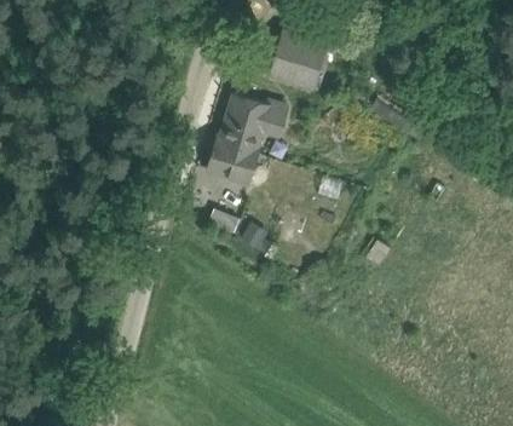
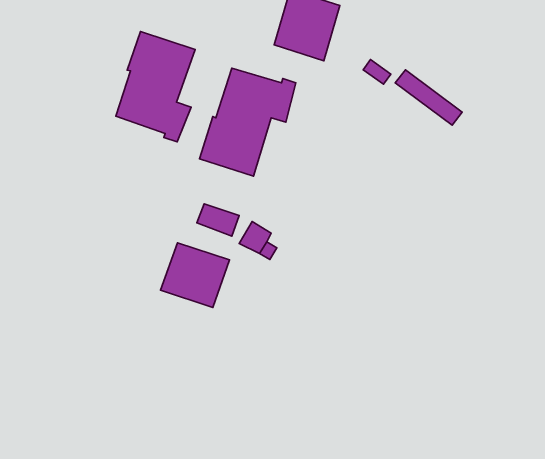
building: none -> [116,32,195,142]
building: none -> [161,243,230,307]

